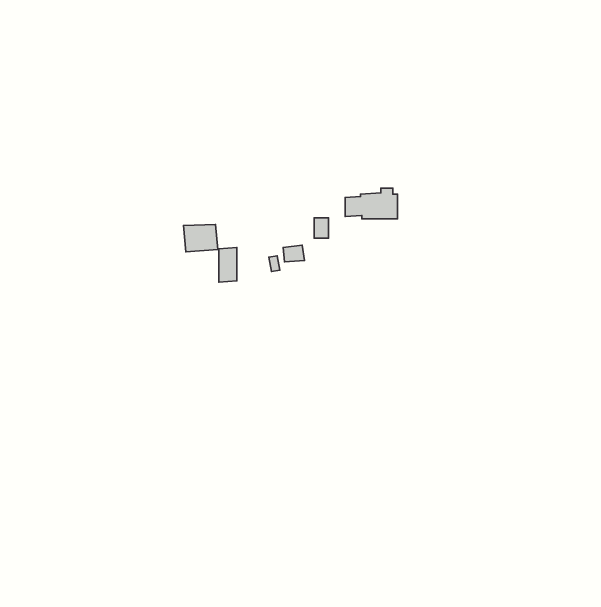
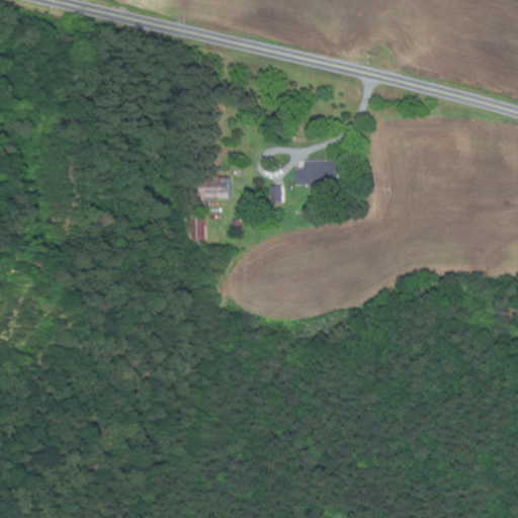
building: [183,224,218,252] -> [200,176,230,199]

